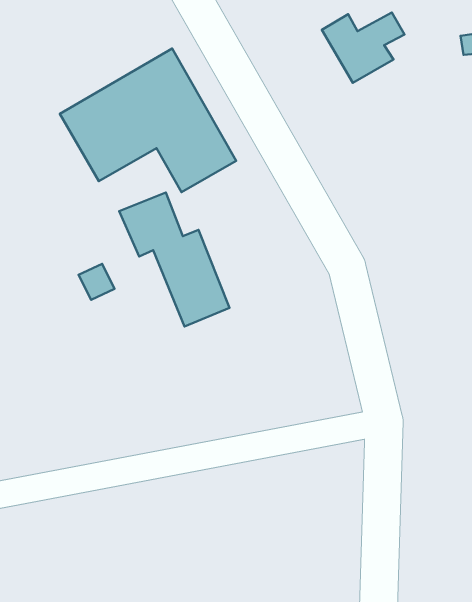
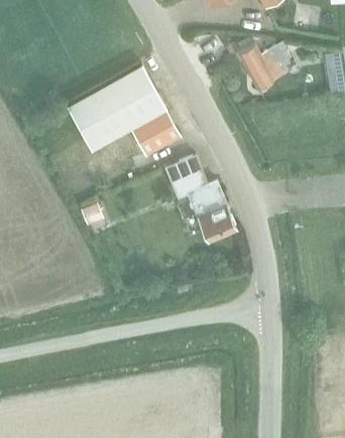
building: [119,192,230,327] -> [165,156,237,243]

